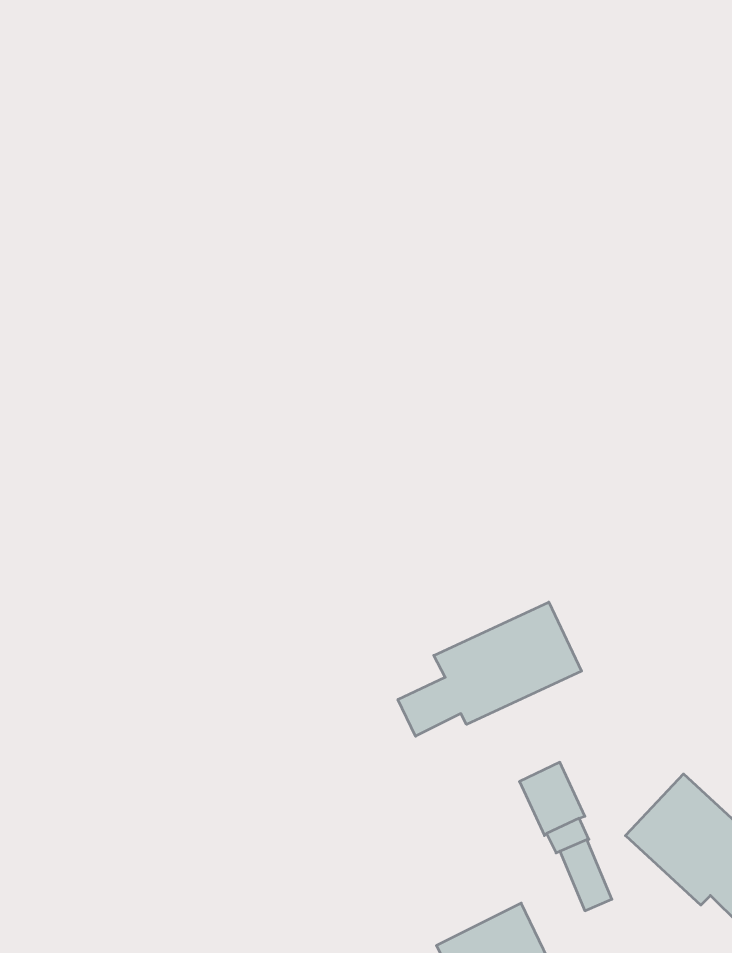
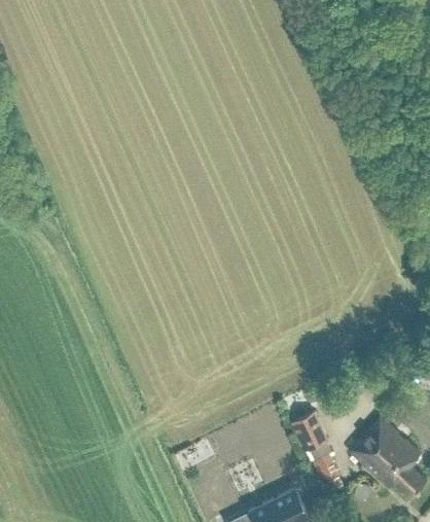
building: [398,602,582,736] -> none

